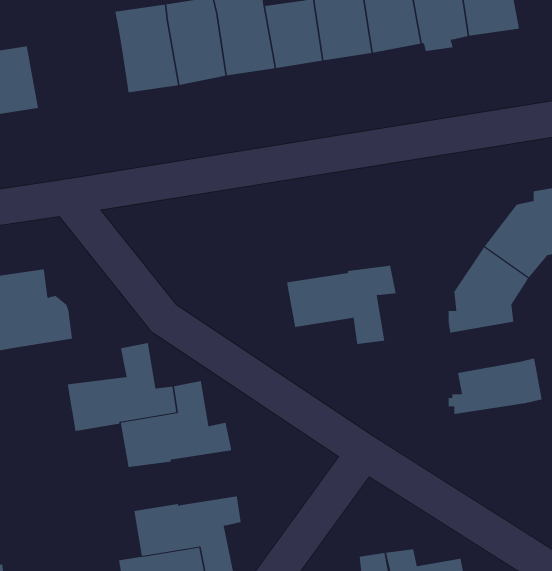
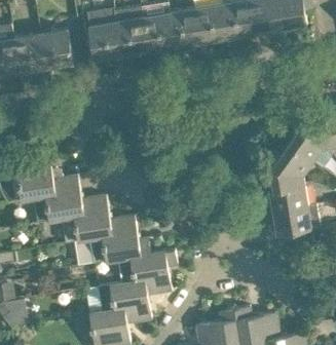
building: none -> [40,29,73,68]
building: [287,265,396,345] -> [118,250,178,293]
building: none -> [33,176,94,223]
building: none -> [269,184,307,212]

